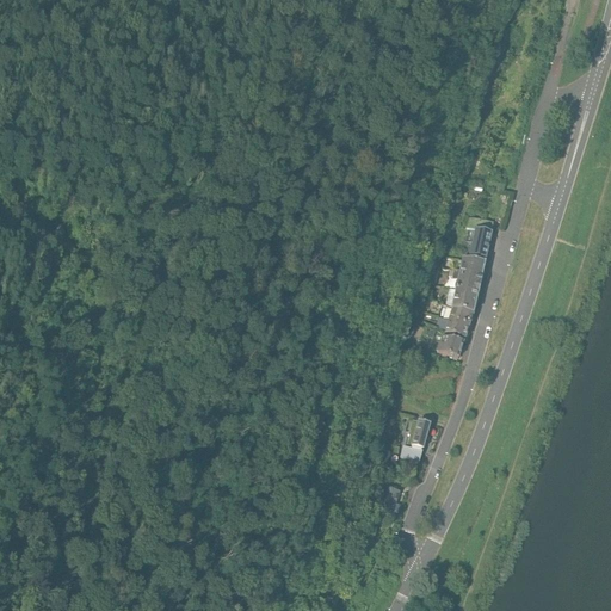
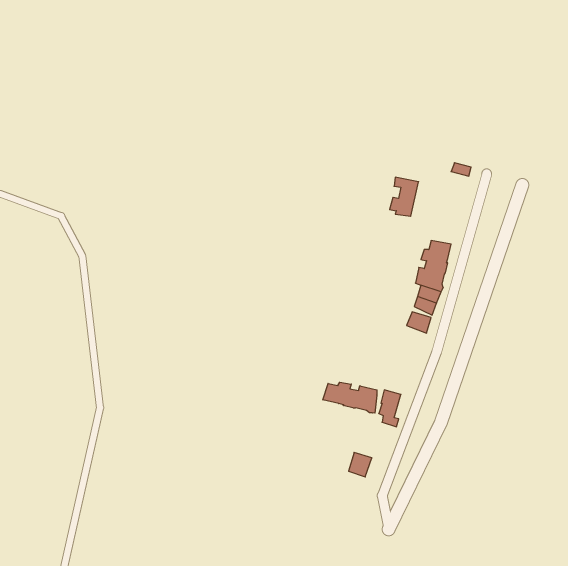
building: [463,216,494,258] -> [390,177,419,216]
building: none -> [323,382,377,413]

